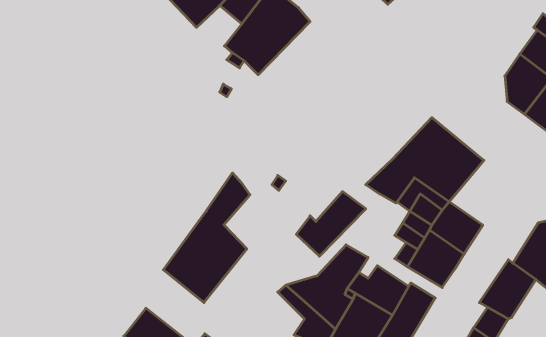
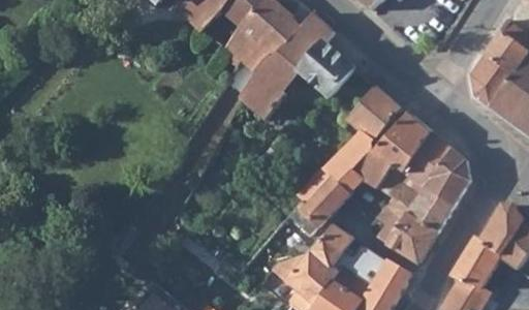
building: none -> [238,13,354,120]
building: none -> [297,85,404,205]
building: none -> [425,150,470,208]
building: [163,173,250,303] -> none

